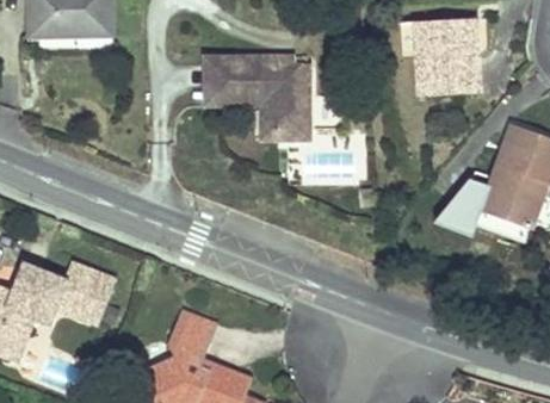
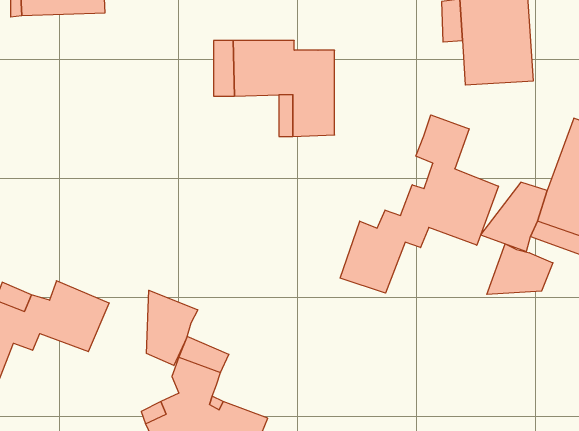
building: none -> [340,115,498,293]
building: none -> [487,244,553,294]
building: none -> [147,290,198,366]

